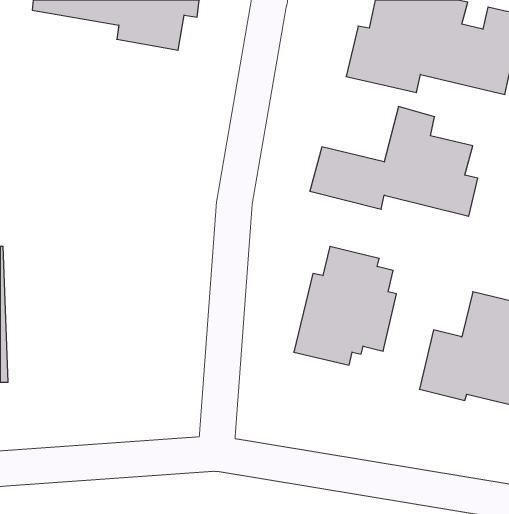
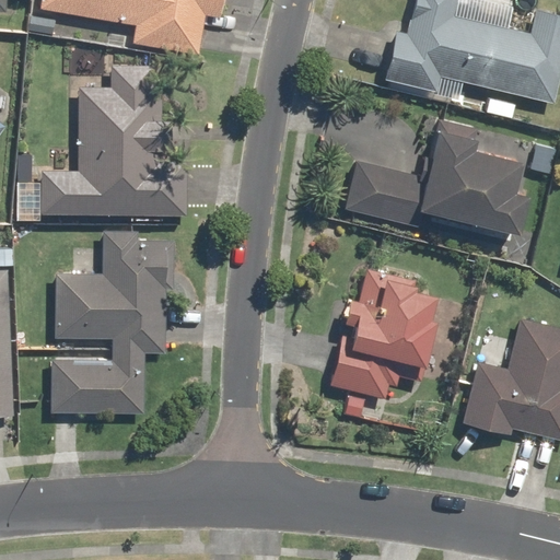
building: none -> [39,63,189,214]
building: none -> [49,230,175,416]

